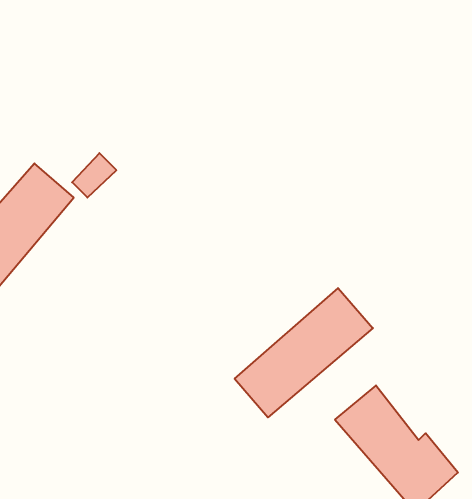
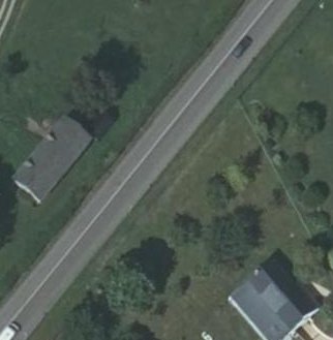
building: [235,288,373,417] -> none

